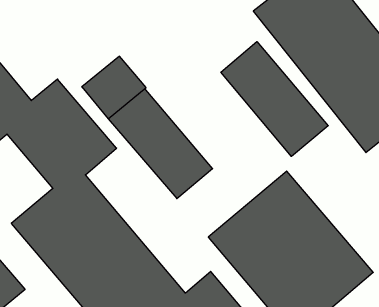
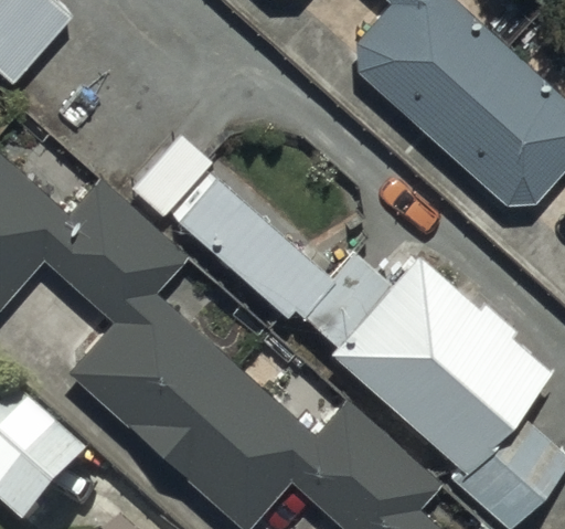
building: [221,42,328,156] -> none

